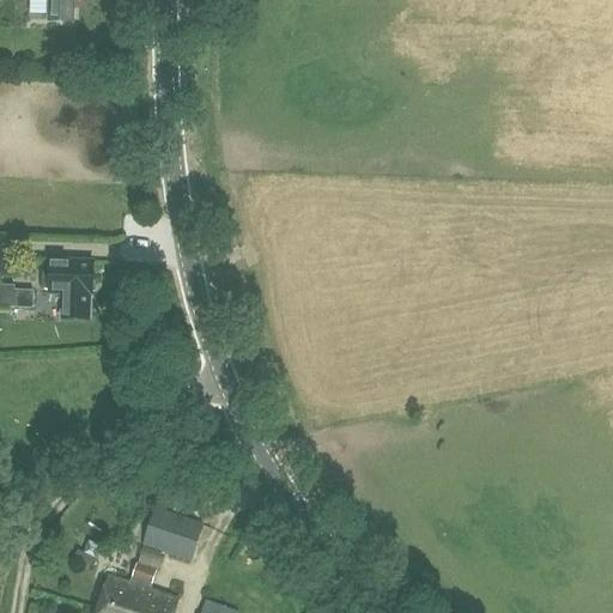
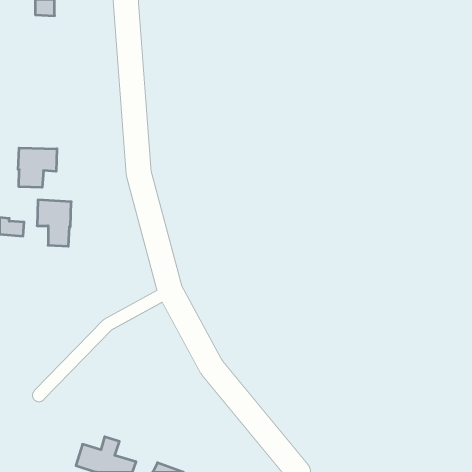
building: none -> [18,148,57,187]
building: [140,506,202,560] -> none

